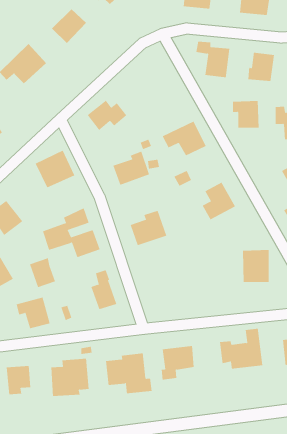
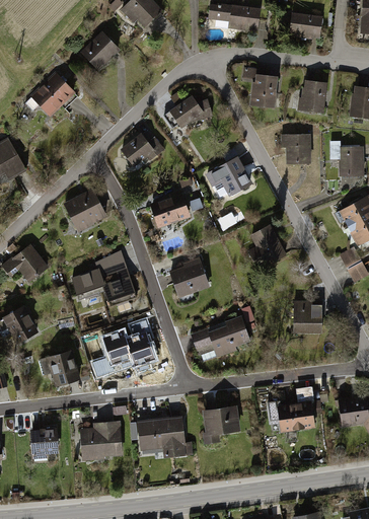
building: none -> [167,93,212,128]
building: [29,258,56,288] -> [100,331,130,365]
building: none -> [189,316,250,365]

